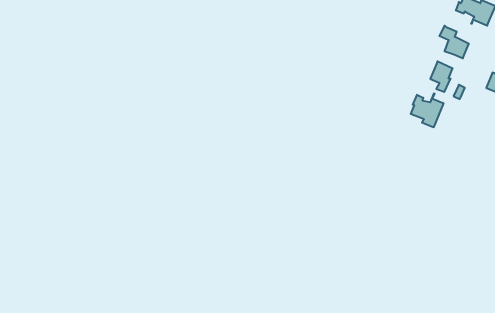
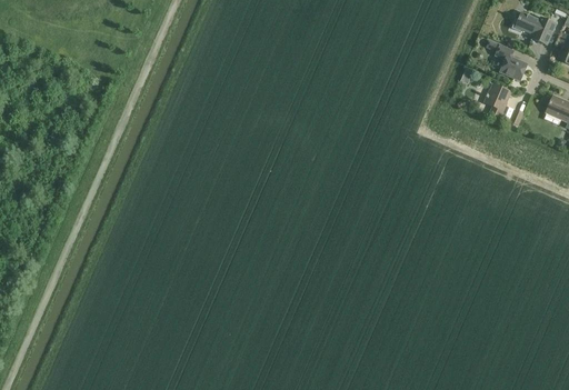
building: [411,93,443,127] -> none

